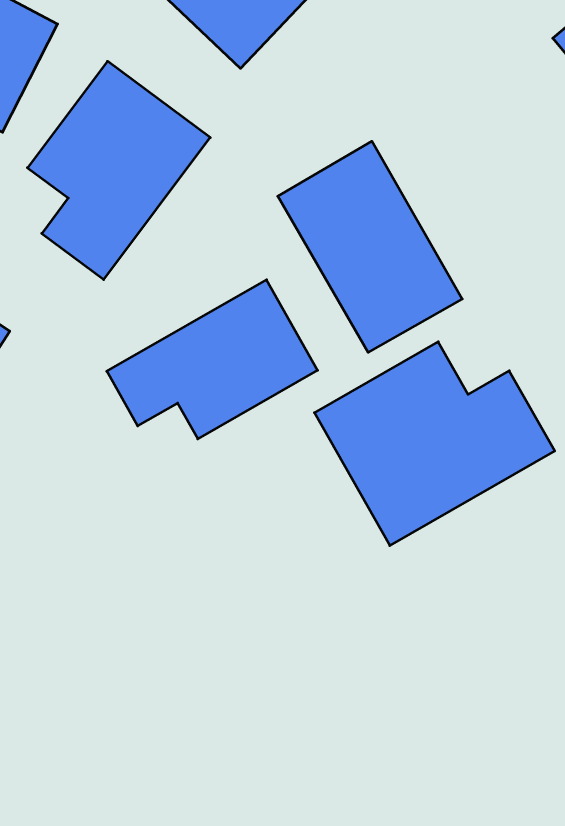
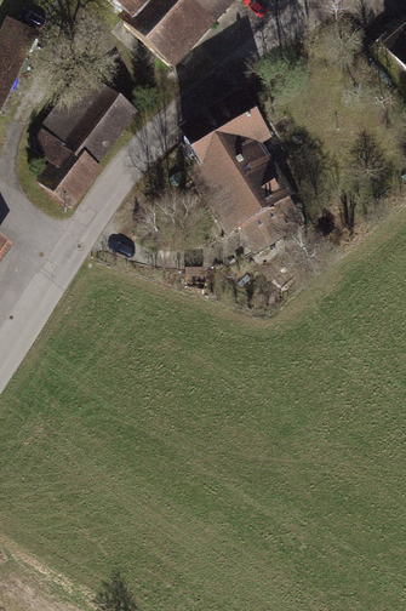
building: [107,280,318,439] -> none
building: [314,342,555,546] -> none

